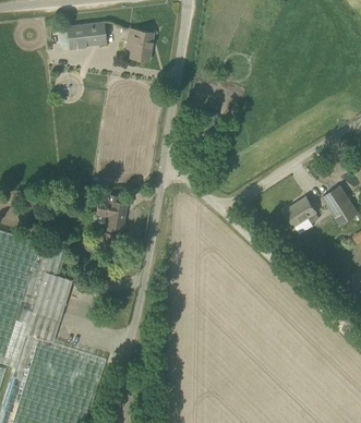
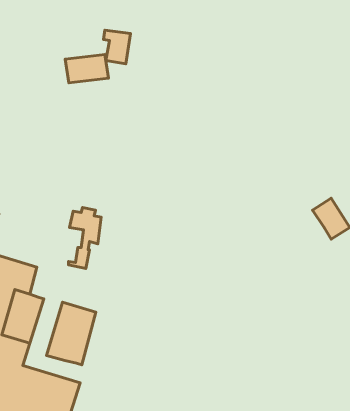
building: [65,23,106,49] -> [65,55,108,83]
building: [285,197,320,227] -> none
building: none -> [47,302,96,365]

